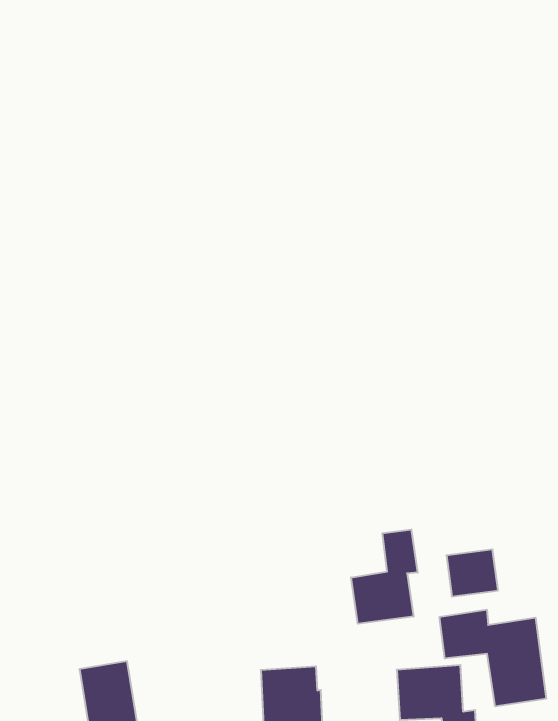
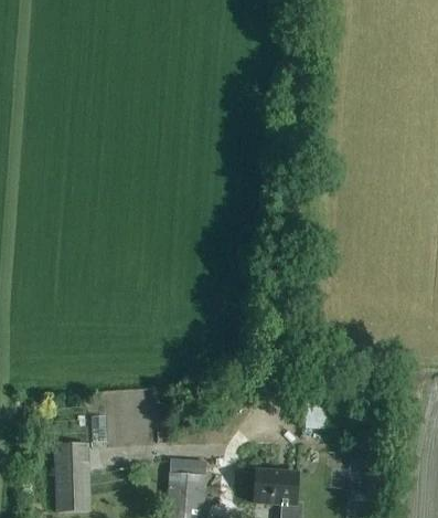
building: [351,529,418,624] -> none
building: [440,610,546,706] -> none

